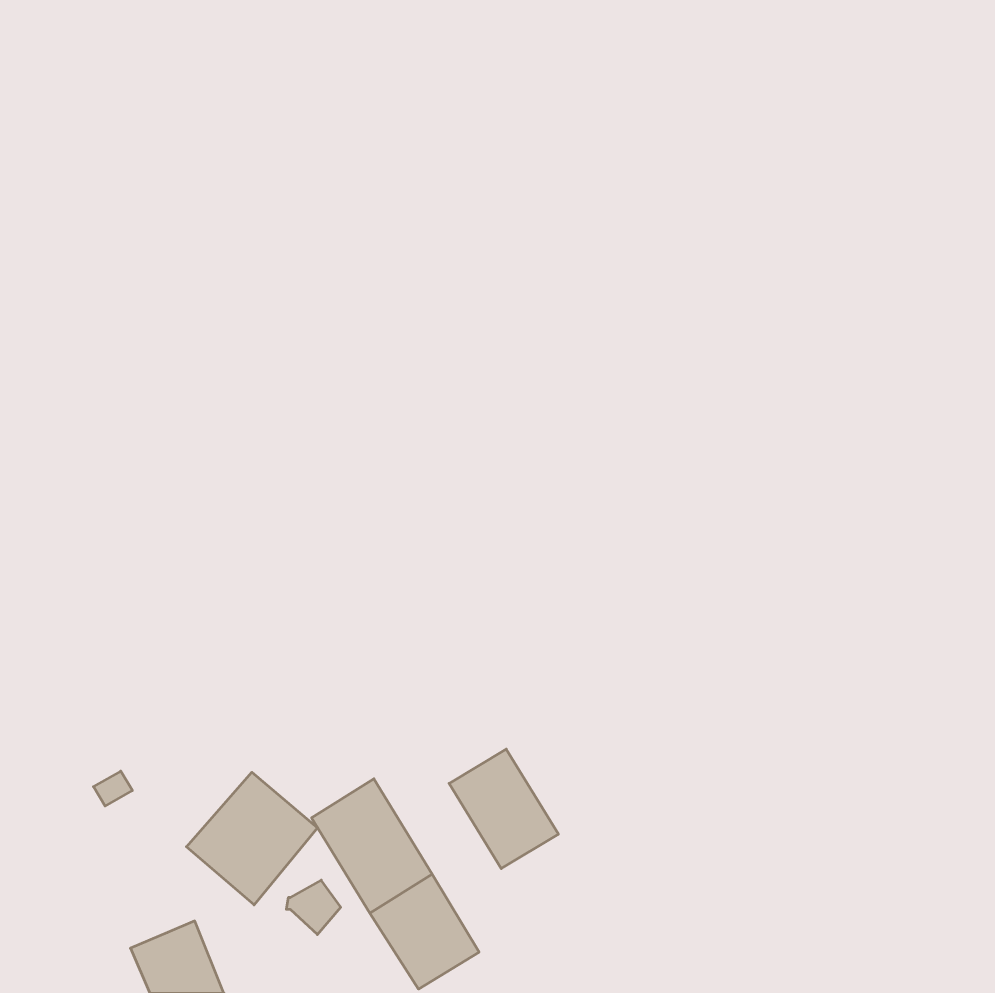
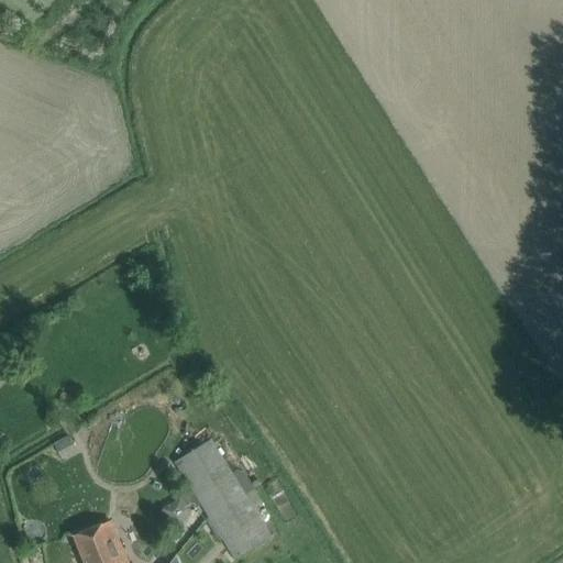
building: [449,749,558,869] -> none
building: [186,772,318,905] -> none

